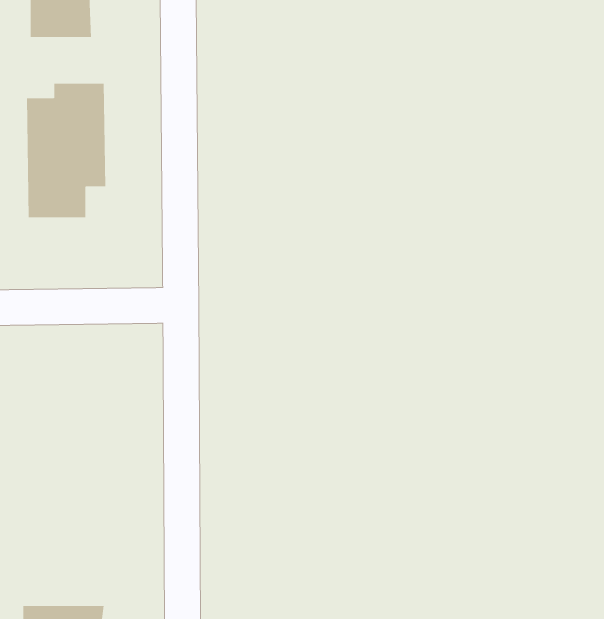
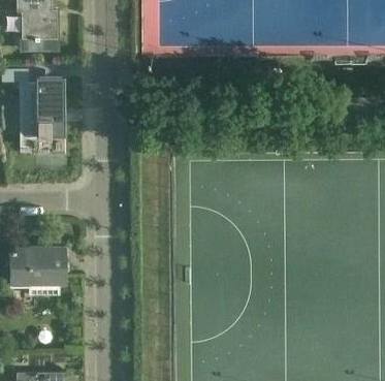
building: none -> [10,246,64,295]

